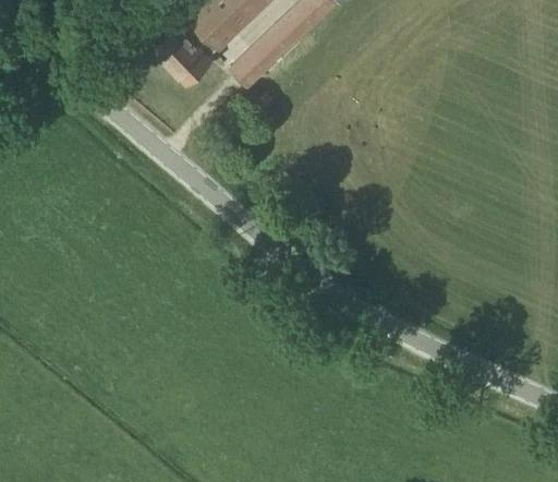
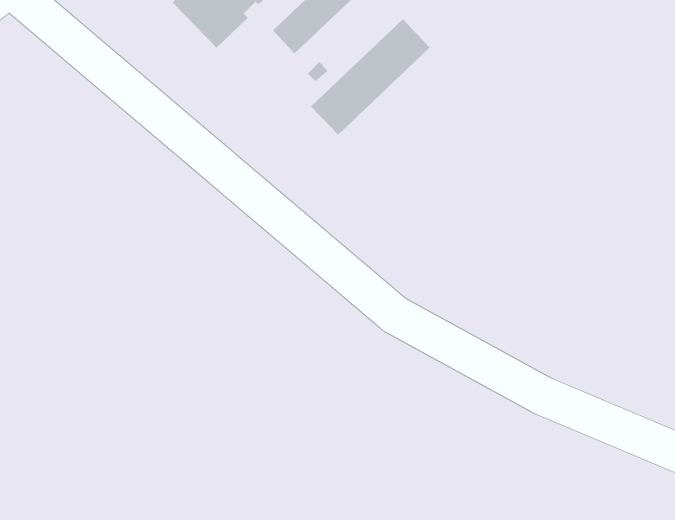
building: none -> [310,18,431,135]

